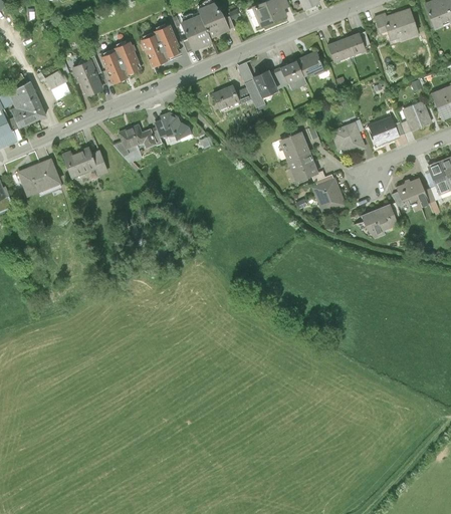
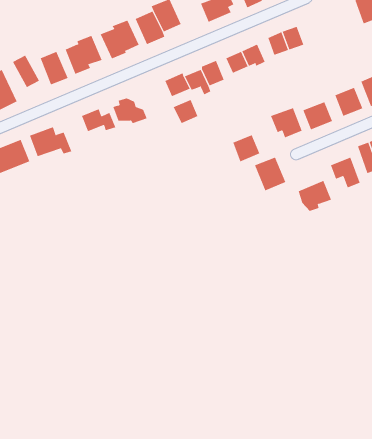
building: [374,6,420,41] -> none
building: none -> [173,99,198,124]
building: [278,132,309,162] -> none

